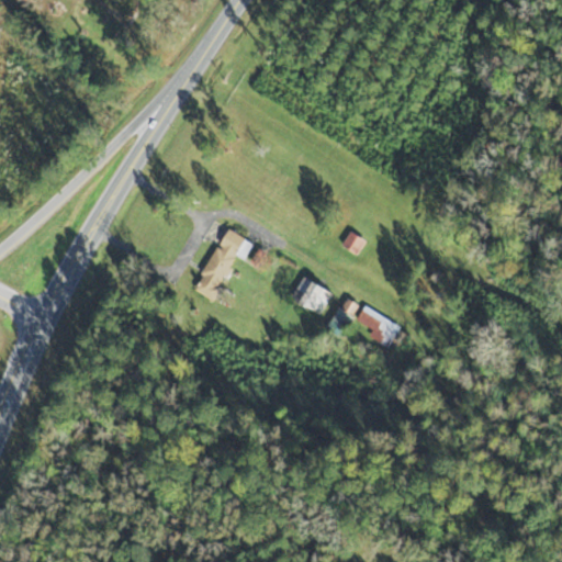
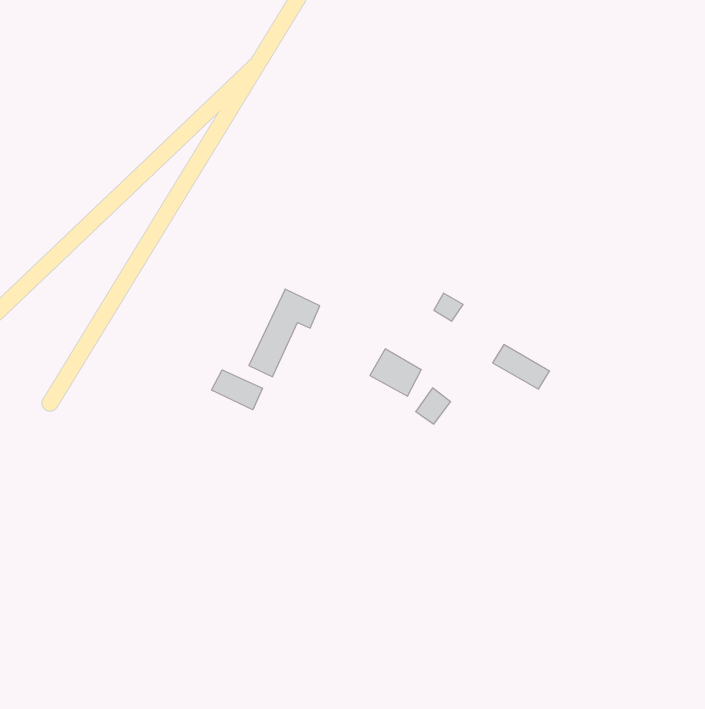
building: none -> [212,370,262,410]
building: [357,305,402,340] -> [493,345,550,389]

